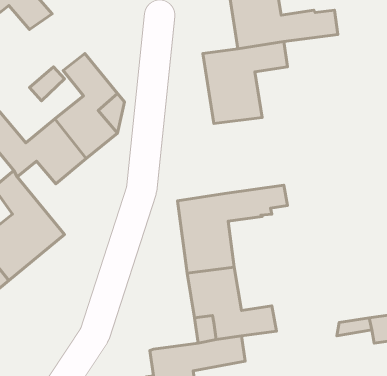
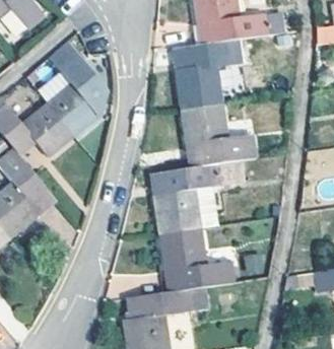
building: none -> [182,102,258,166]

